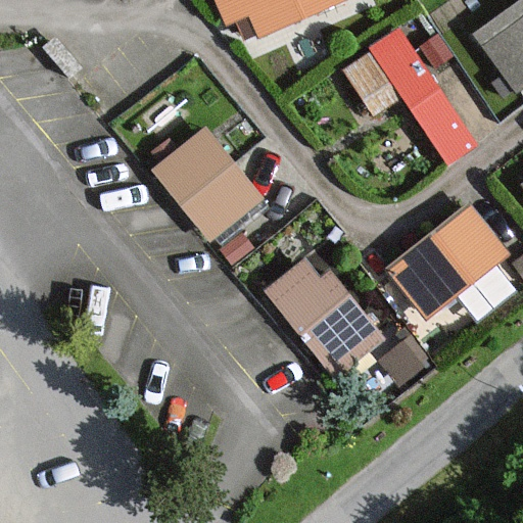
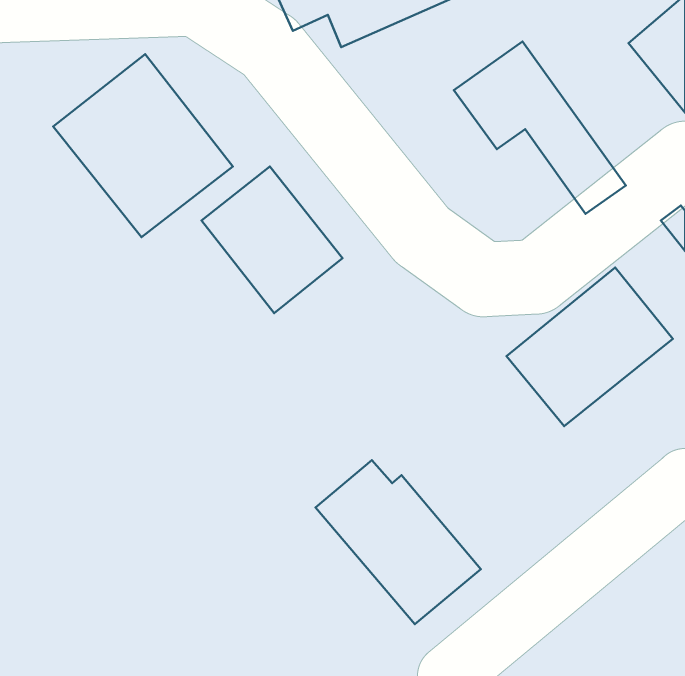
building: none -> [53,54,233,237]
building: [263,257,388,382] -> [316,460,481,624]

